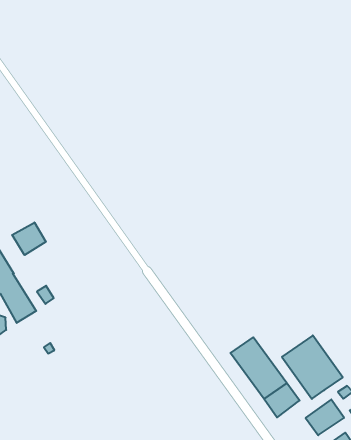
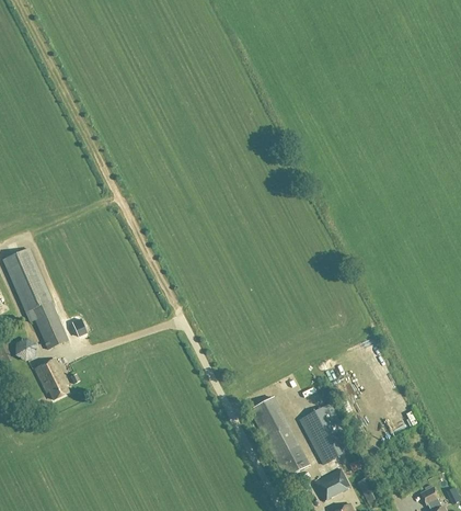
building: [12,222,46,255] -> none
building: none -> [35,357,69,398]

